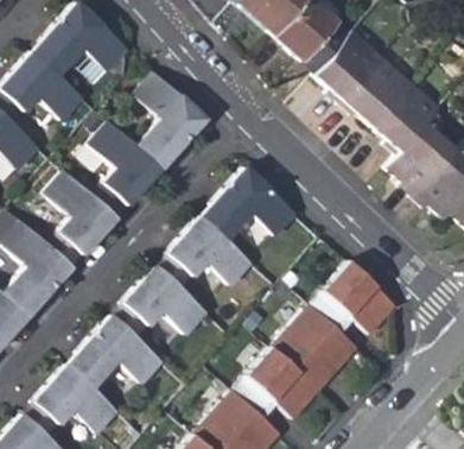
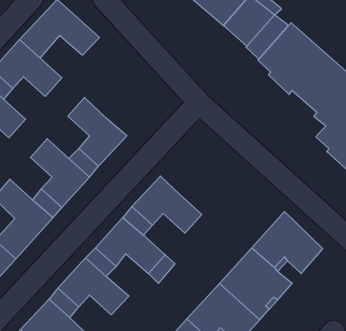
building: [134,74,205,169] -> none
building: [202,167,297,240] -> none

